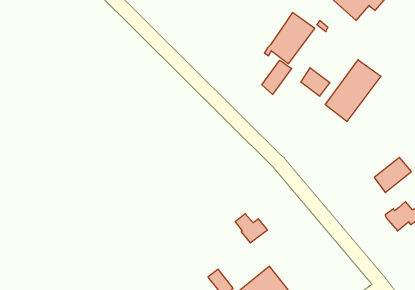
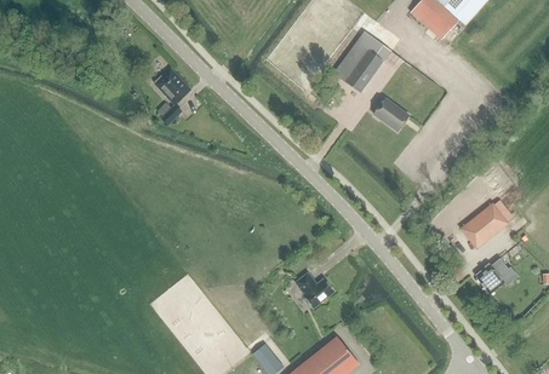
building: none -> [154,68,190,125]
building: [325,60,381,121] -> none
building: [262,60,292,94] -> none

